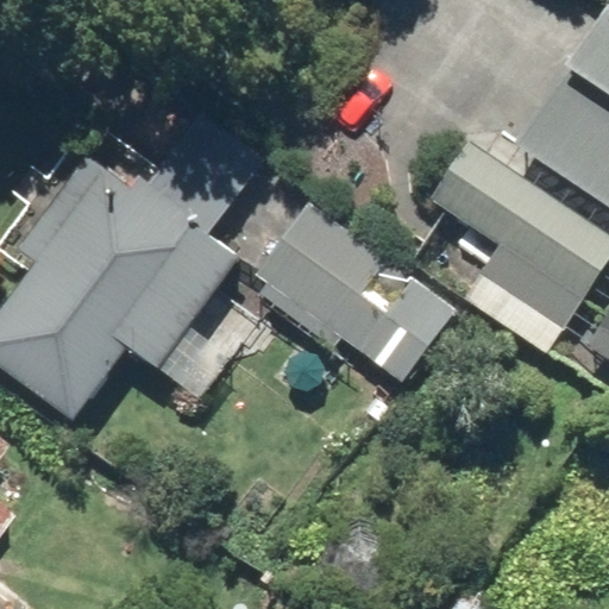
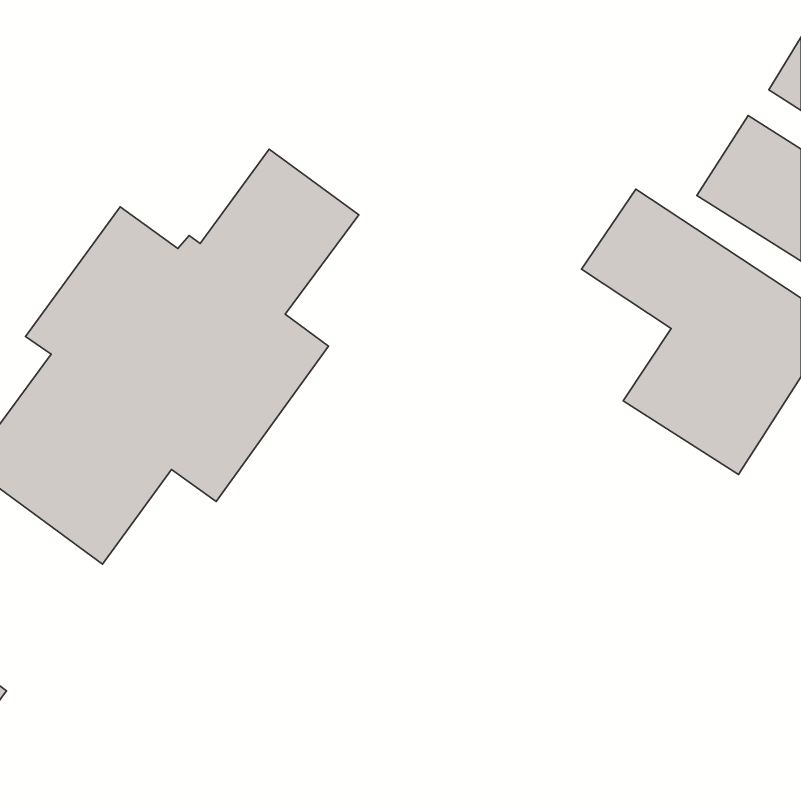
building: [249,201,454,381] -> none

